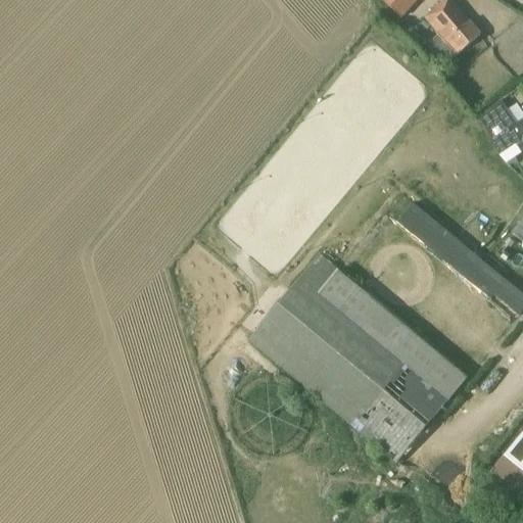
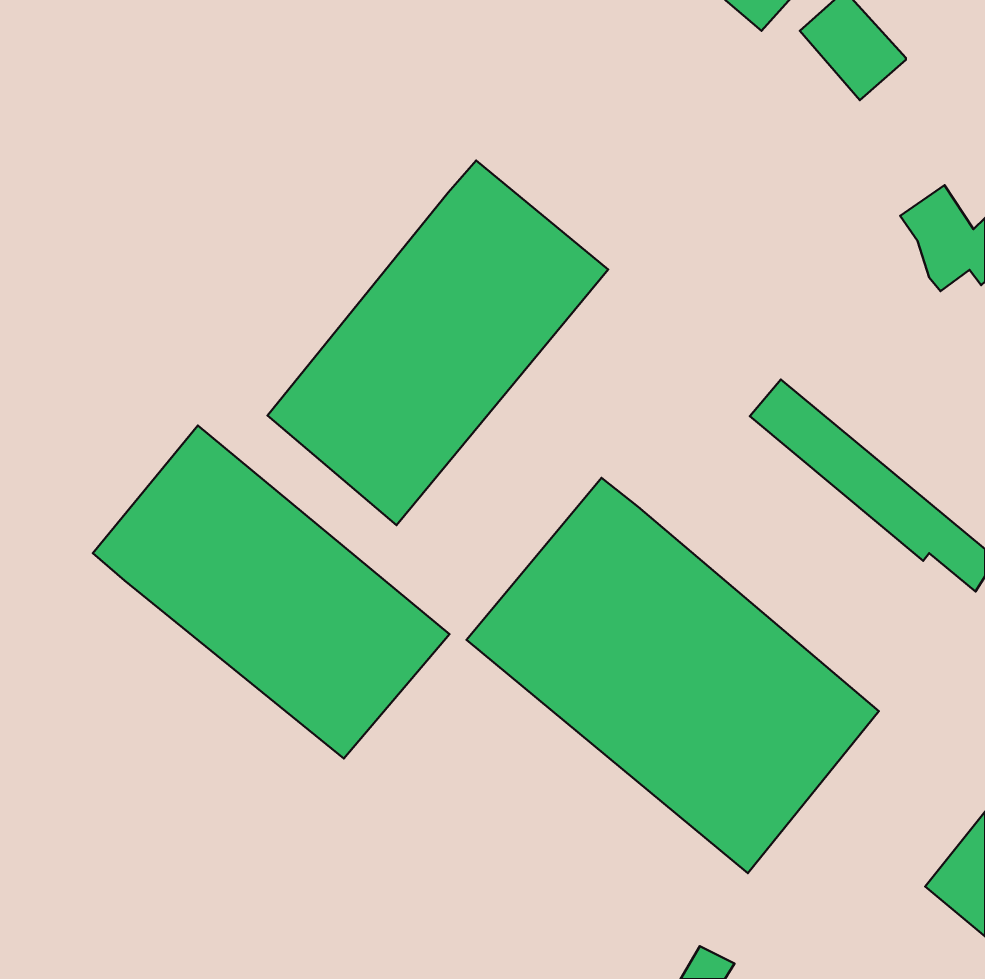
building: none -> [267,161,608,525]
building: none -> [93,426,450,759]

